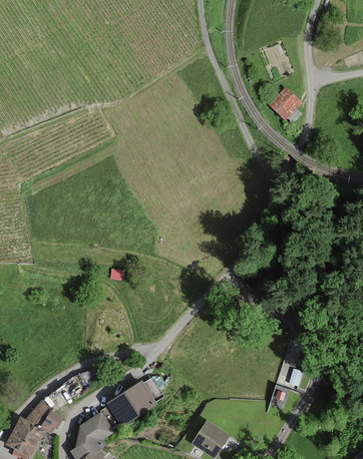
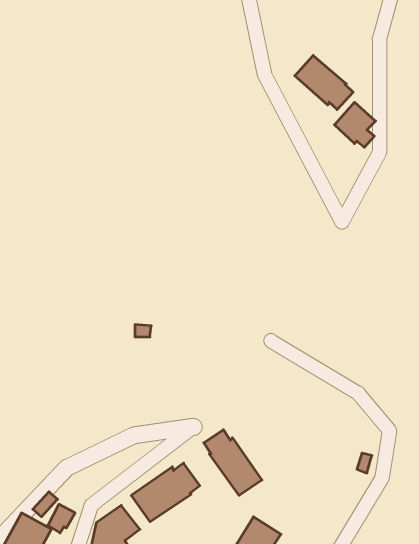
building: none -> [295,55,353,110]
building: none -> [204,430,262,495]

